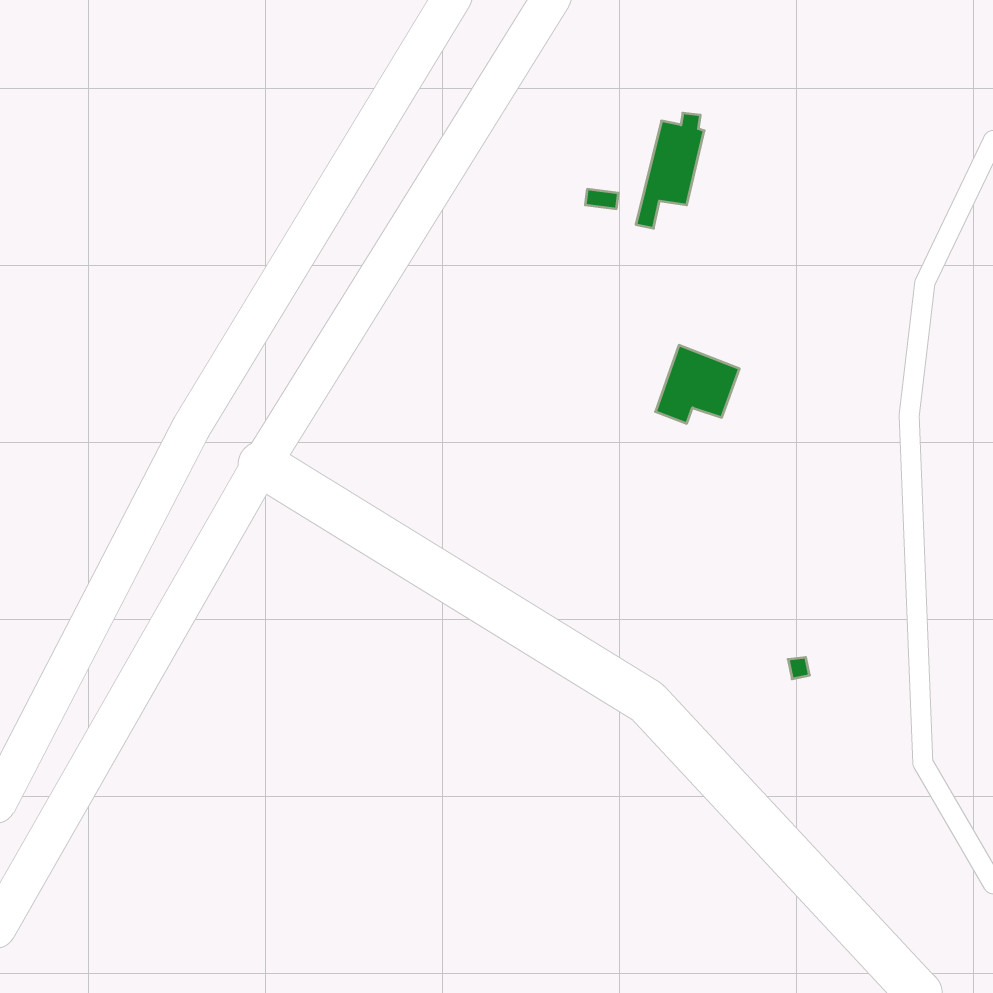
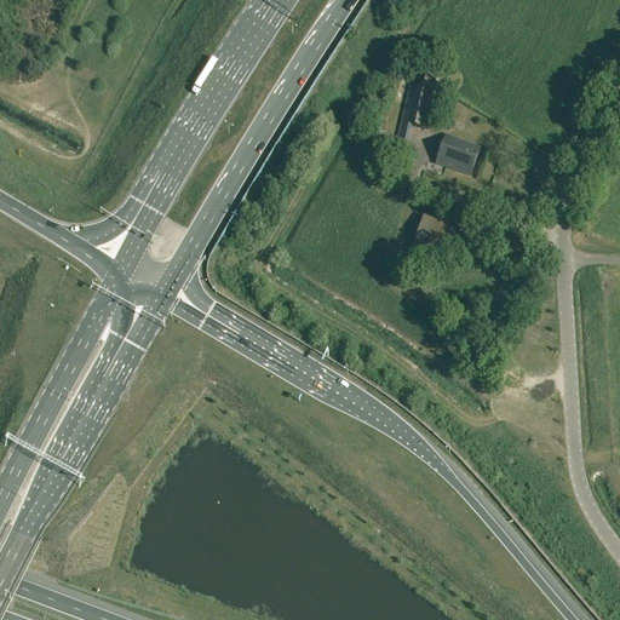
building: none -> [434,132,480,174]

